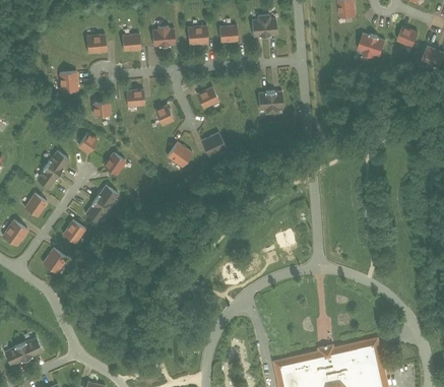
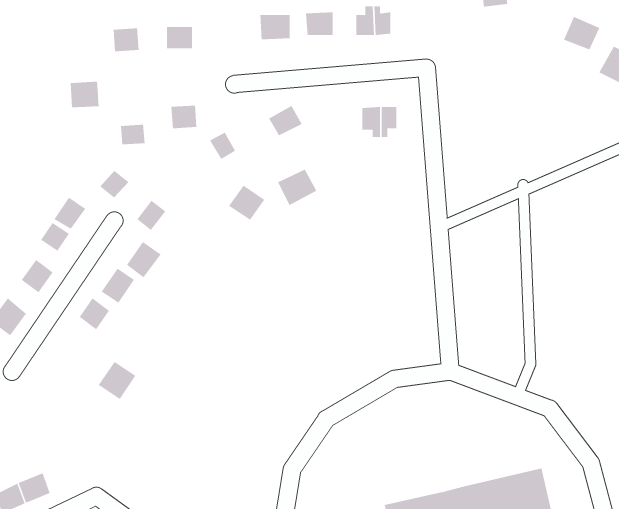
building: [153,23,178,43] -> none
building: [358,36,385,60] -> none
building: [41,248,67,274] -> [98,361,136,400]

